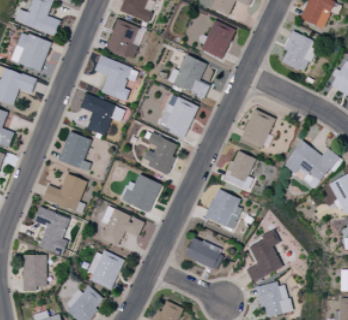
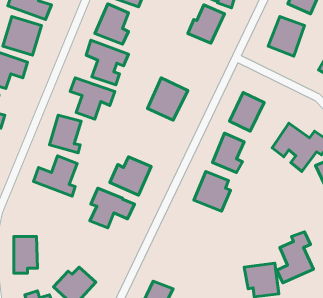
building: [167,55,209,97] -> none
building: [147,133,179,174] -> none
building: [34,206,70,256] -> none
building: [246,230,283,282] -> [277,232,313,283]
building: [185,237,224,270] -> none
building: [86,250,124,290] -> none

